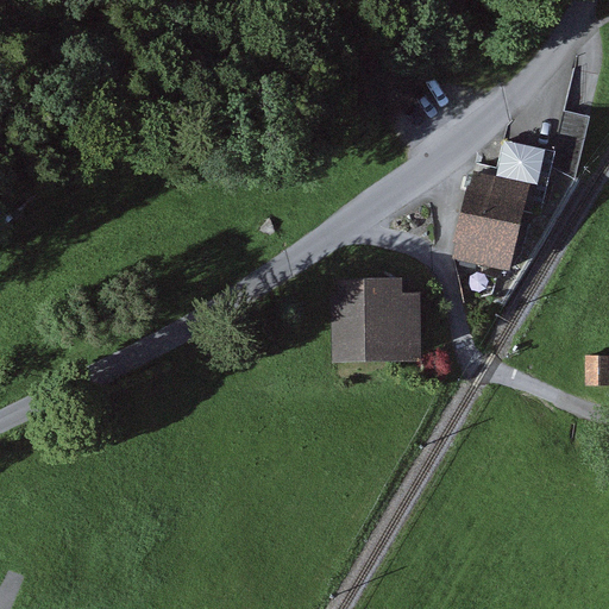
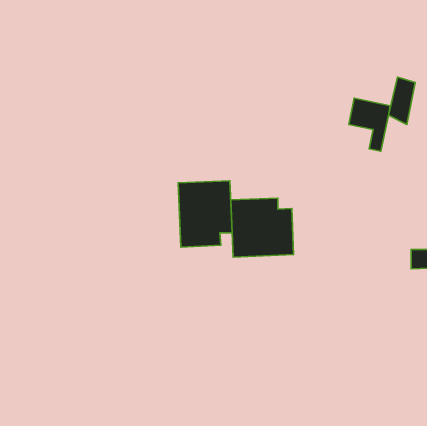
building: [454,171,532,272] -> none
building: none -> [178,181,232,247]

